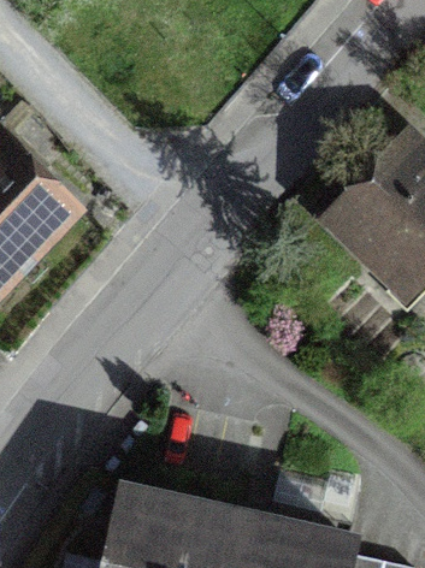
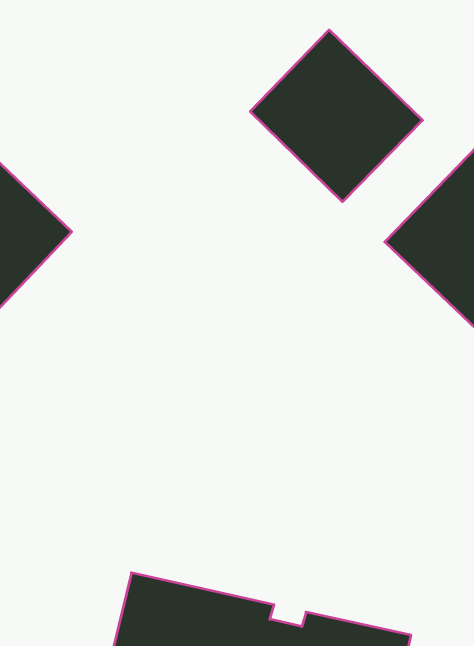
building: none -> [250,30,423,202]

